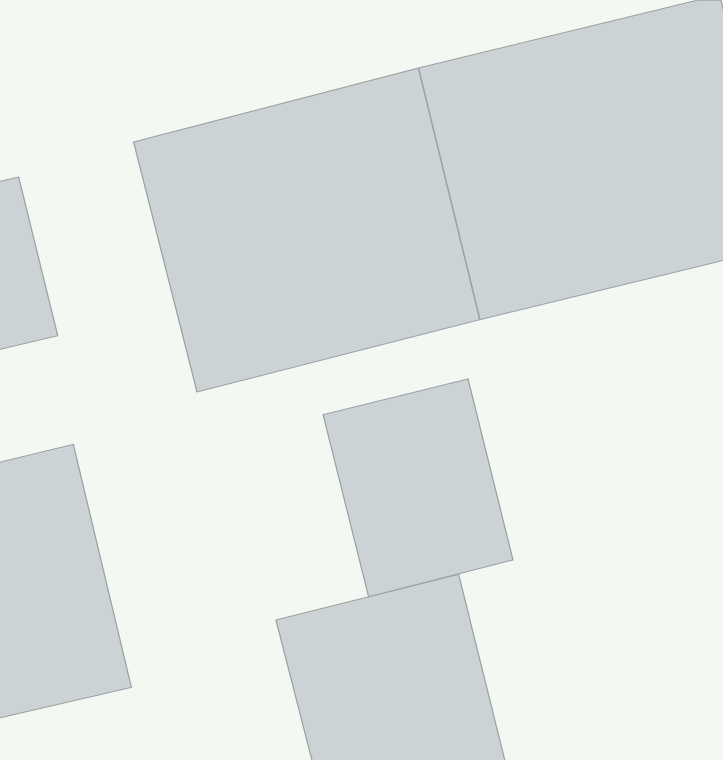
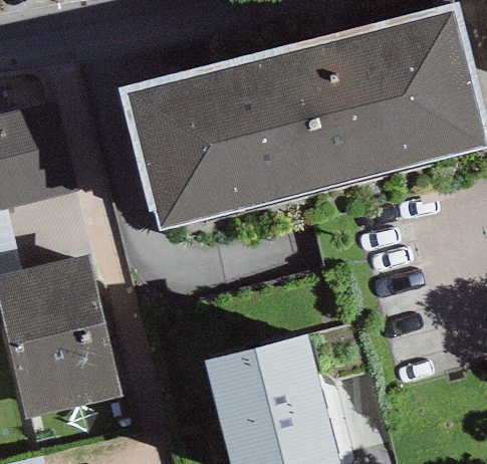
building: [323,379,513,597] -> none

